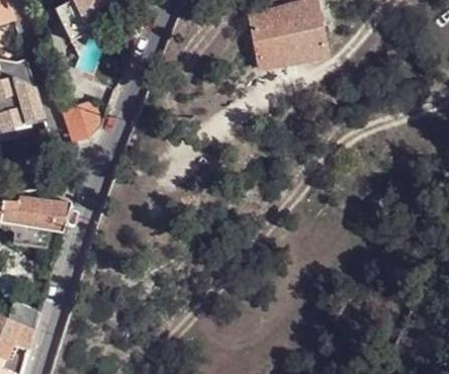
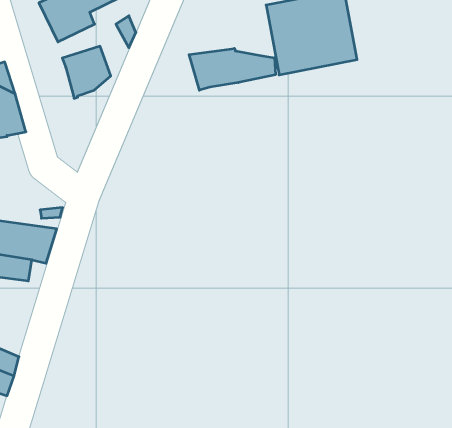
building: none -> [189,48,275,90]
building: [59,100,100,145] -> [62,46,111,98]

